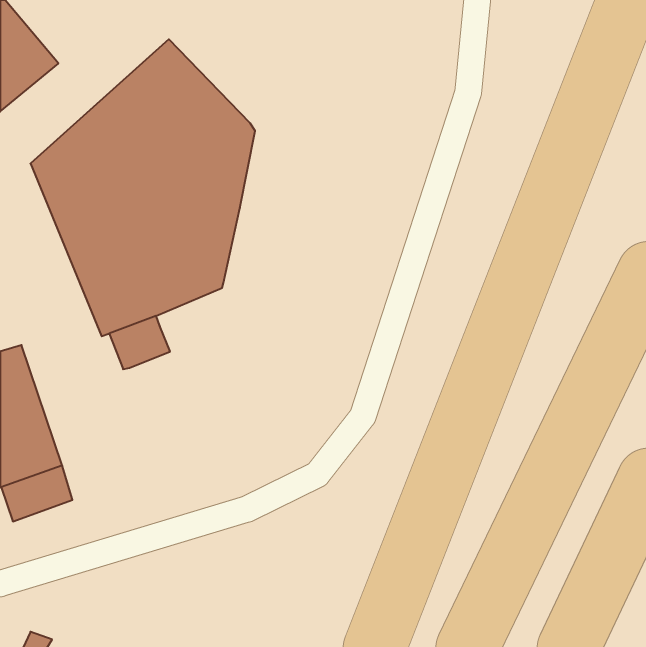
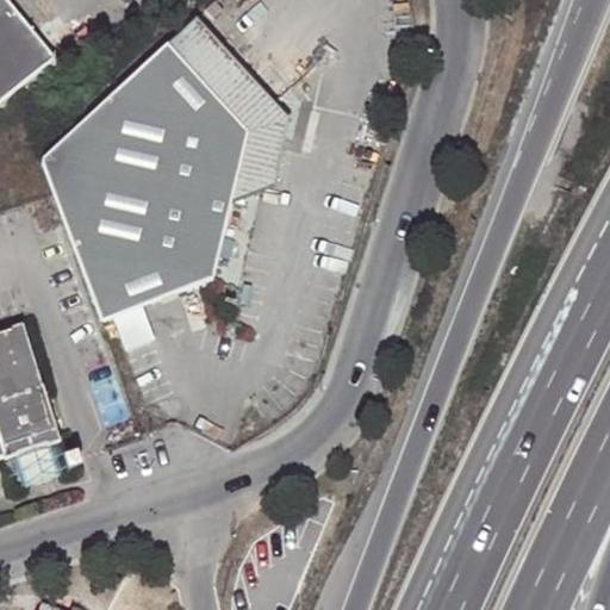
building: none -> [161,11,281,197]

